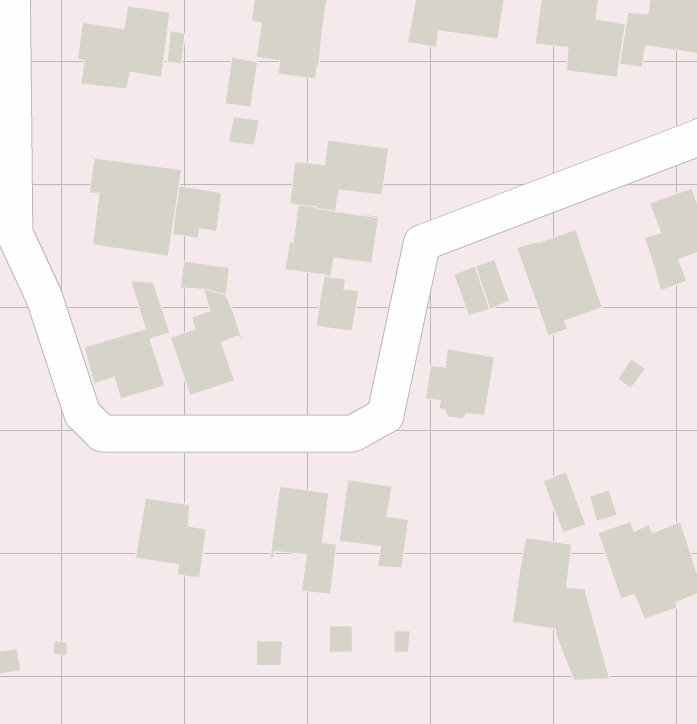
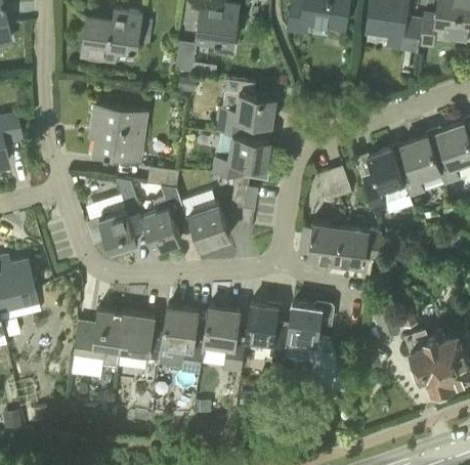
building: [173,186,222,239] -> none
building: none -> [398,135,441,198]
building: none -> [188,202,229,248]
building: none -> [336,226,384,266]
building: none -> [160,305,204,375]
building: none -> [74,309,126,366]
building: [512,538,610,680] -> [285,304,345,392]

